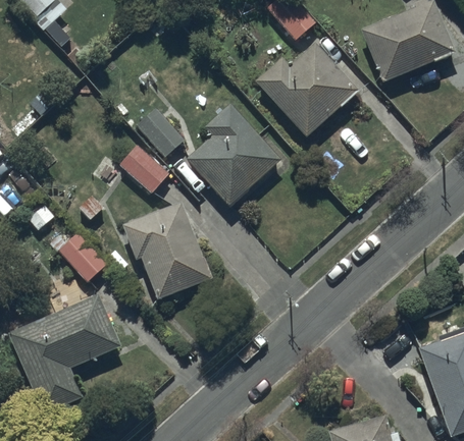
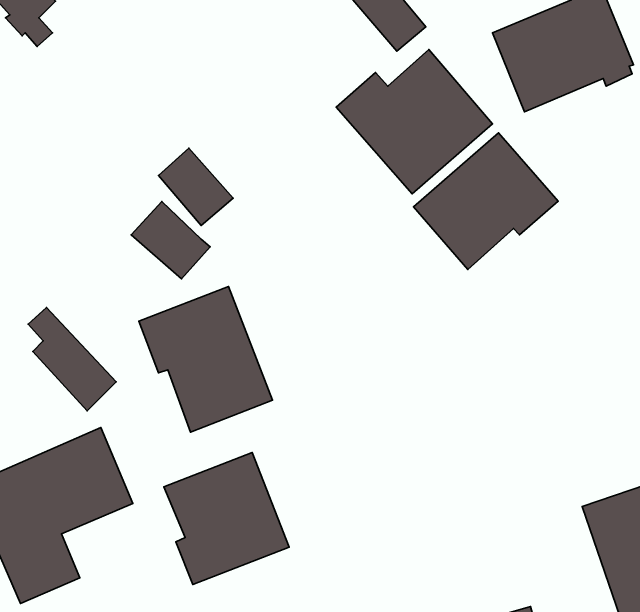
building: none -> [414,133,558,269]
building: [186,104,281,206] -> none
building: none -> [164,452,289,585]

